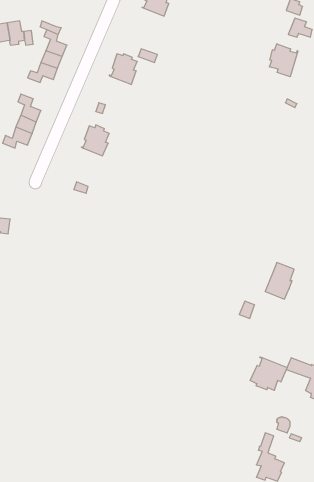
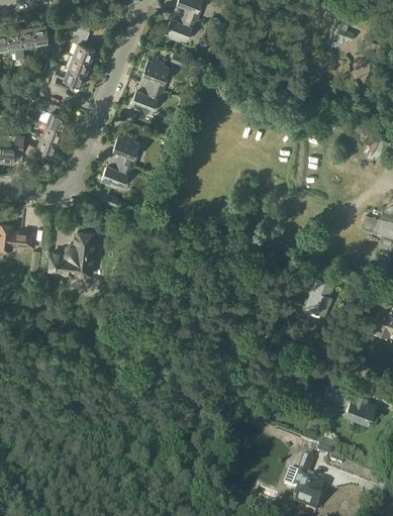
building: none -> [165,11,197,41]
building: [269,44,298,77] -> none
building: none -> [130,83,163,113]
building: none -> [101,159,132,188]
building: none -> [50,232,94,275]
building: [250,357,287,390] -> none

